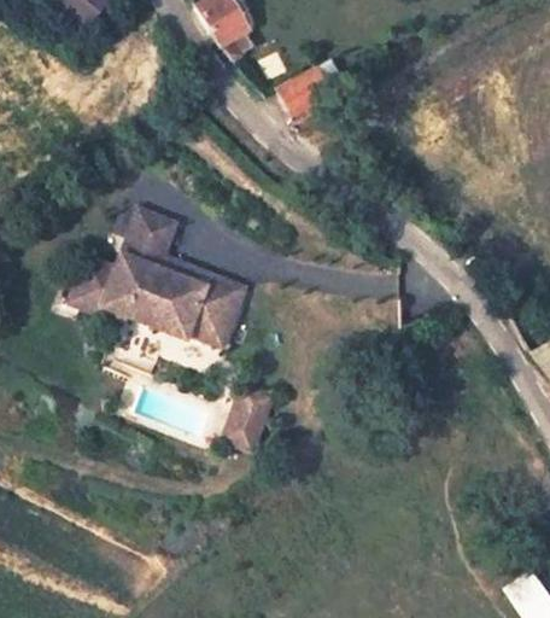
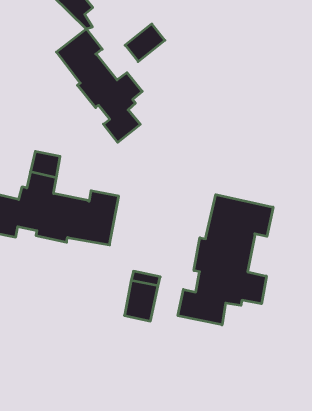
building: none -> [56,29,142,142]
building: none -> [178,195,273,325]

